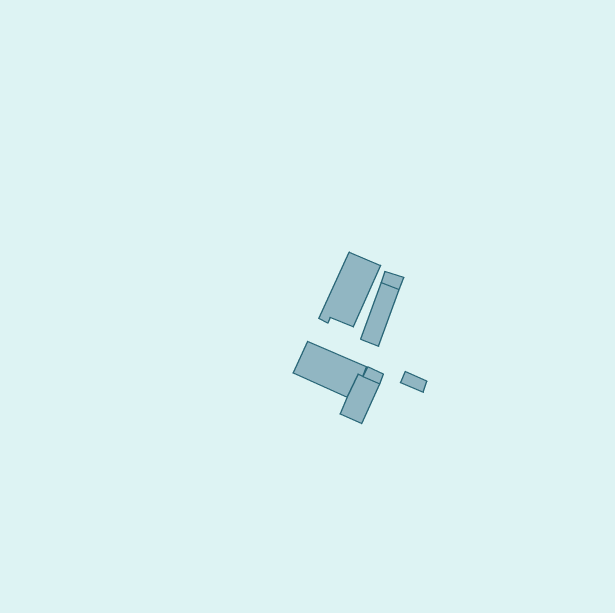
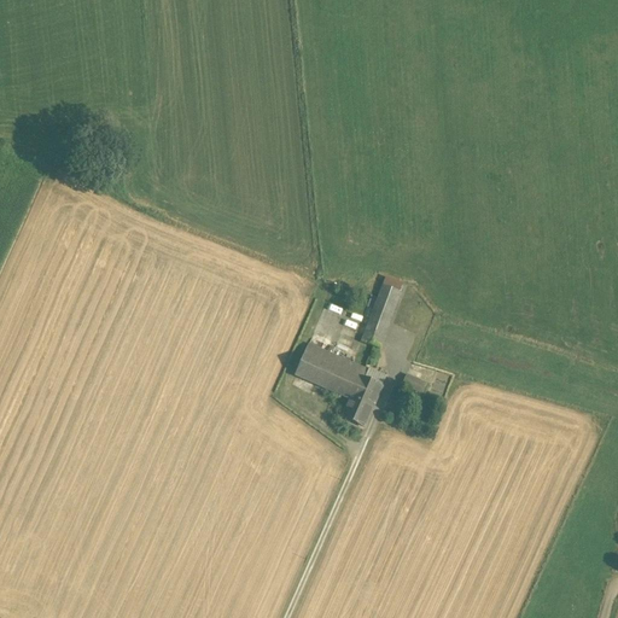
building: [319,252,381,327] -> none

